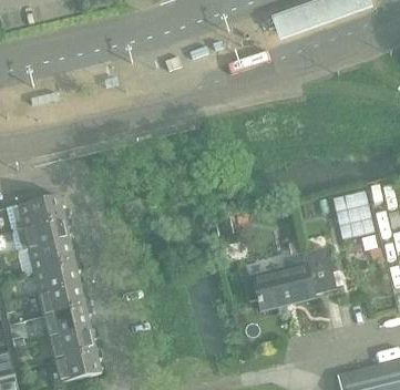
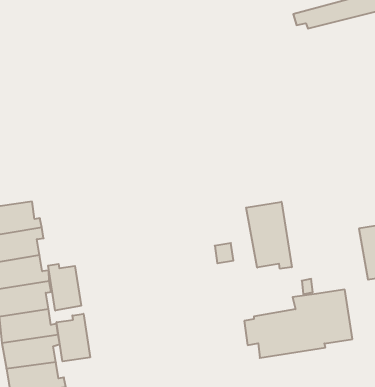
building: none -> [246,202,292,269]
building: none -> [48,264,81,311]
building: none -> [57,314,90,361]

